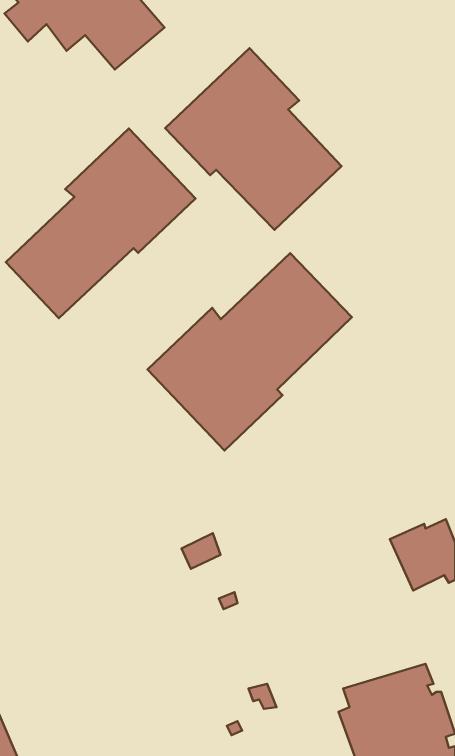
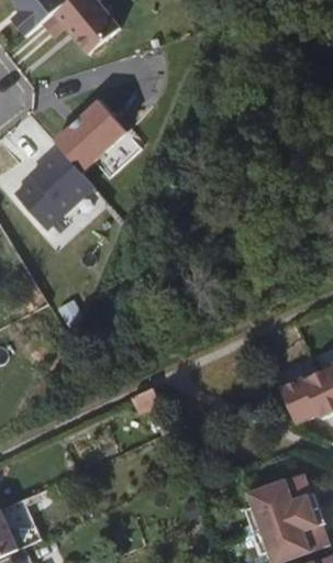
building: [165,48,341,230] -> none
building: [148,253,352,451] -> none

